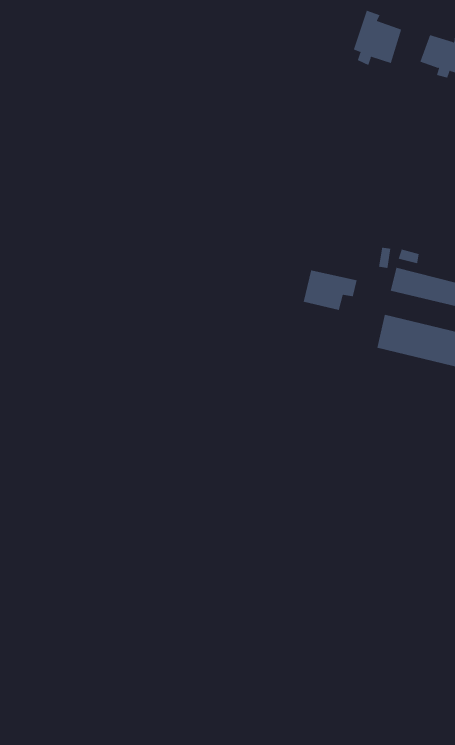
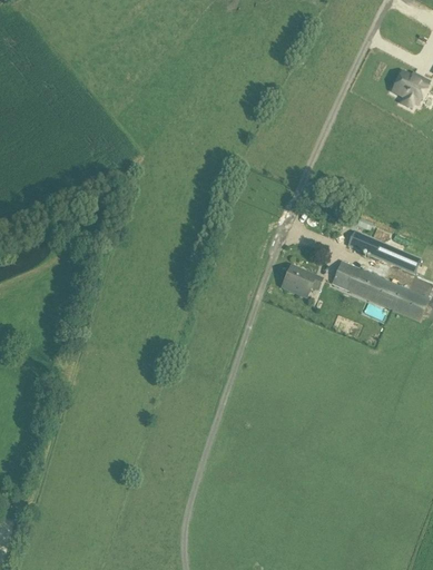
building: [353,10,402,66] -> none
building: [303,270,357,310] -> [281,264,321,295]

